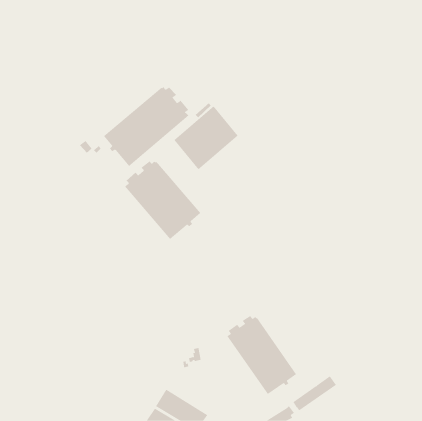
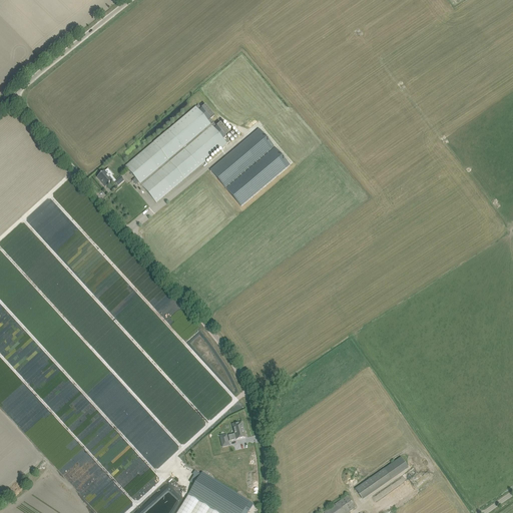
building: [124,160,201,240] -> none
building: [227,315,297,395] -> none

